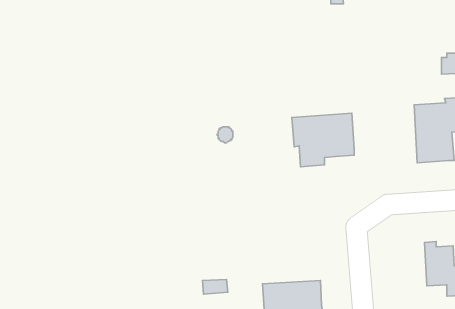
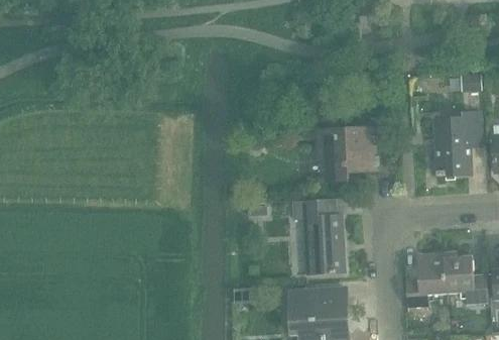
building: none -> [293,201,344,274]
building: none -> [406,252,447,308]

